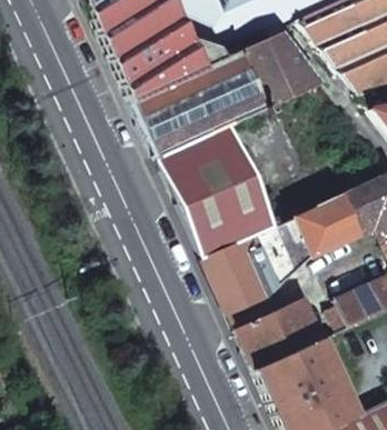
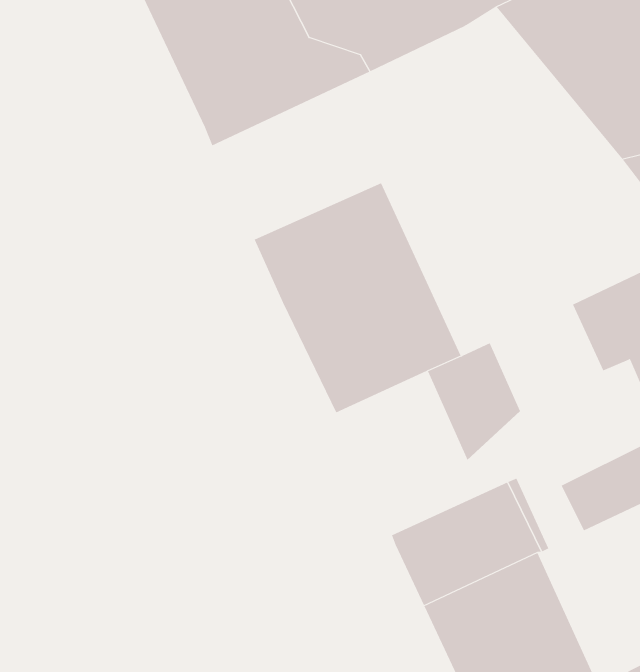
building: [133,31,321,156] -> none
building: [296,193,361,256] -> none
building: [206,232,282,312] -> none

